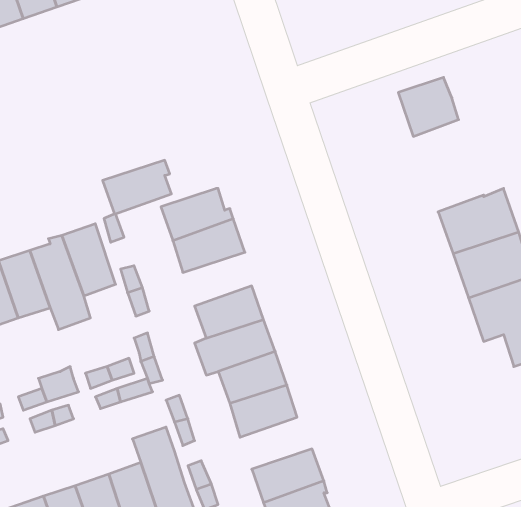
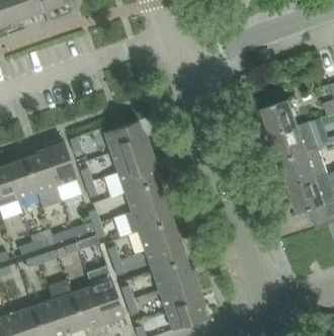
building: [398,77,459,136] -> [261,100,298,136]
building: [103,160,171,214] -> [116,160,158,192]
building: none -> [151,259,194,290]

